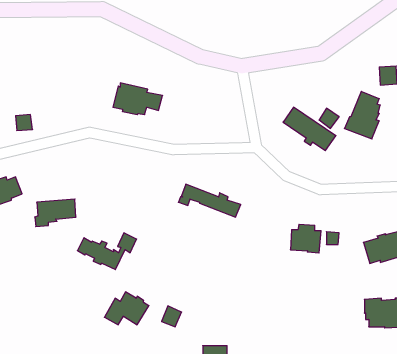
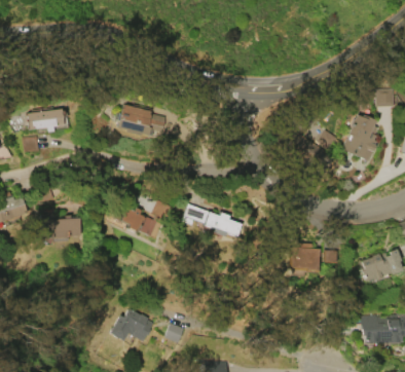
building: none -> [28,110,65,133]
building: [77,233,137,270] -> [113,200,171,236]

